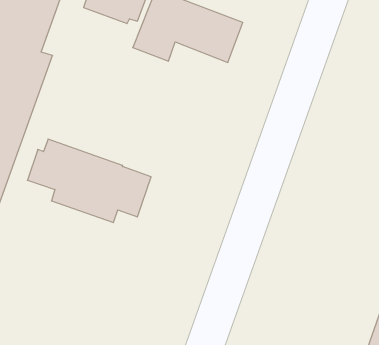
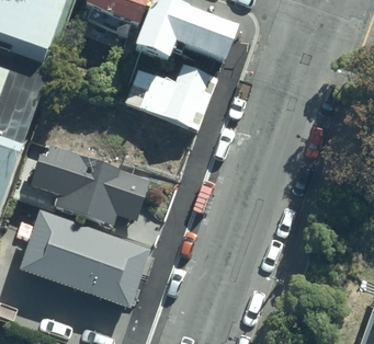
building: none -> [126,61,218,130]
building: none -> [31,217,145,309]

